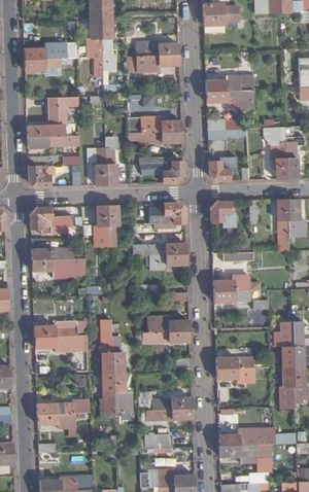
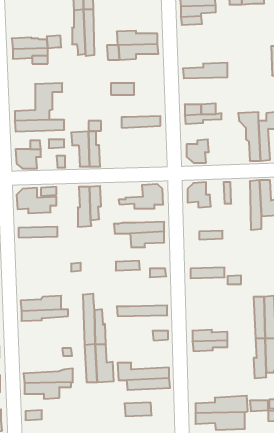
building: [207,90,254,108] -> none
building: [128,114,182,132] -> none
building: [139,155,184,182] -> none
building: [32,257,84,278] -> none
building: [213,276,250,292] -> none
building: [148,316,190,332] -> none

